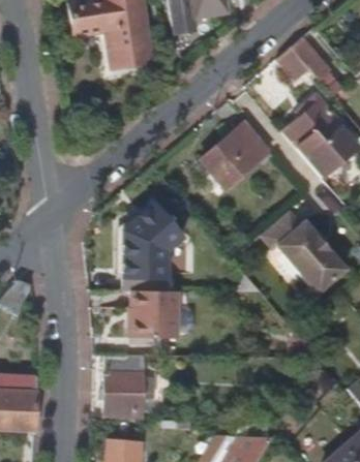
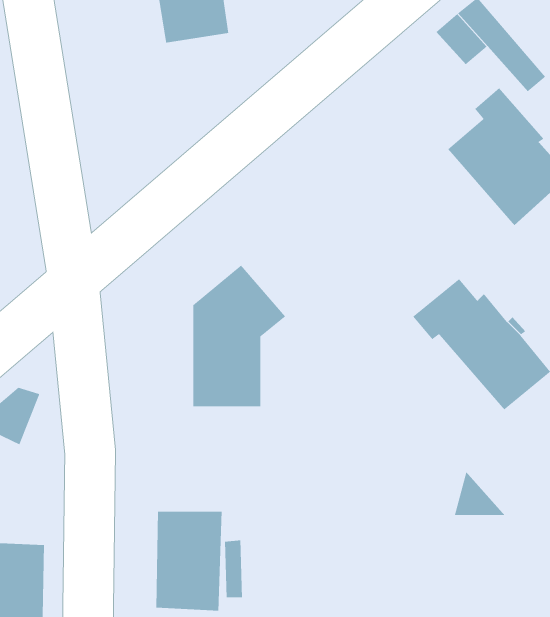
building: [201,121,271,189] -> none
building: [138,290,185,338] -> none

